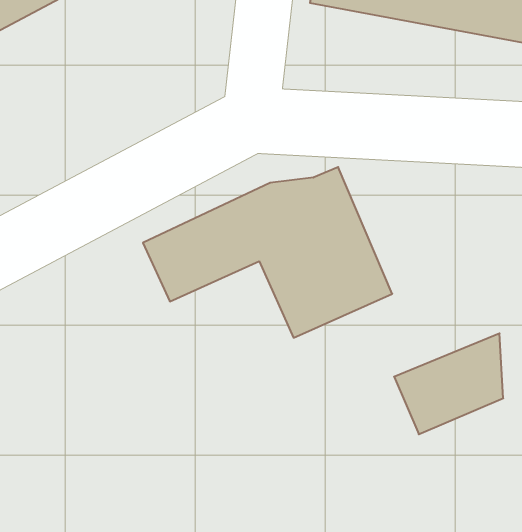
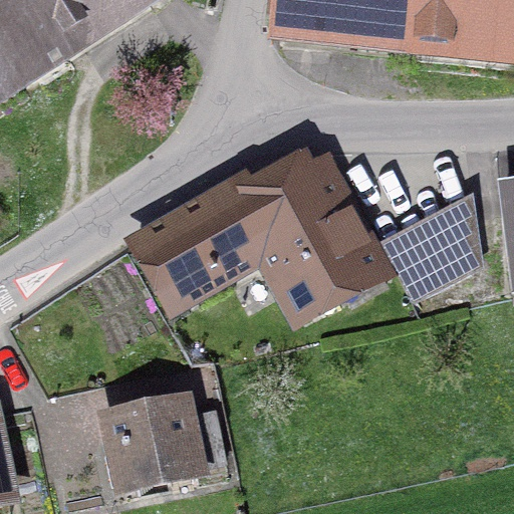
building: [394,333,503,434] -> [377,198,476,293]
building: none -> [106,406,222,487]

